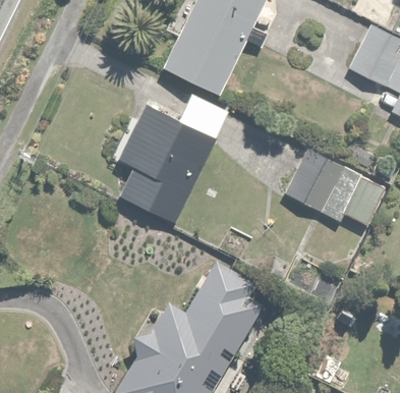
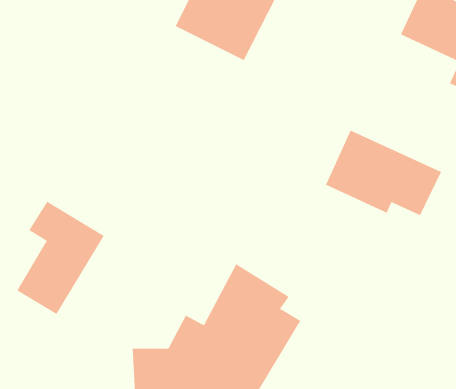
building: [117,94,230,222] -> none
building: none -> [16,201,105,315]

